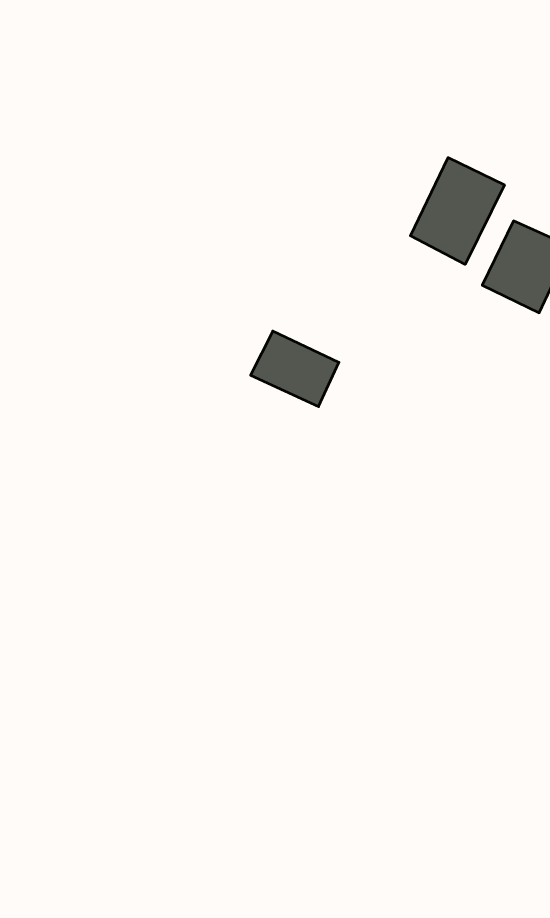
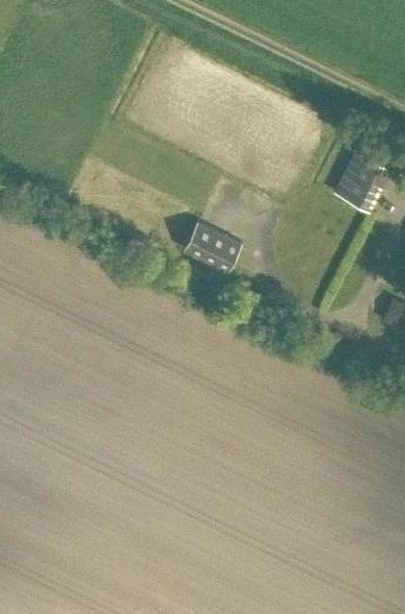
building: [410,158,504,264] -> none

